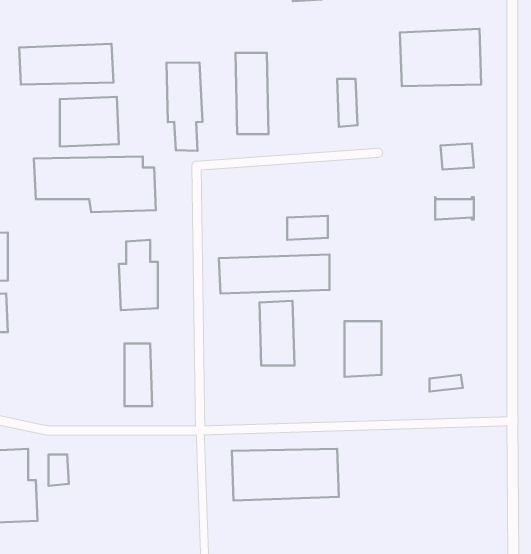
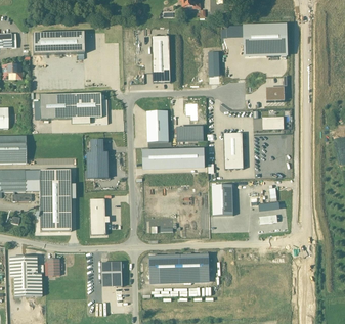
building: [166,63,203,151] -> none
building: [60,97,119,146] -> none
building: none -> [146,111,169,142]
building: none -> [40,170,71,227]
building: [259,301,294,366] -> [223,133,243,169]
building: none -> [101,262,123,287]

